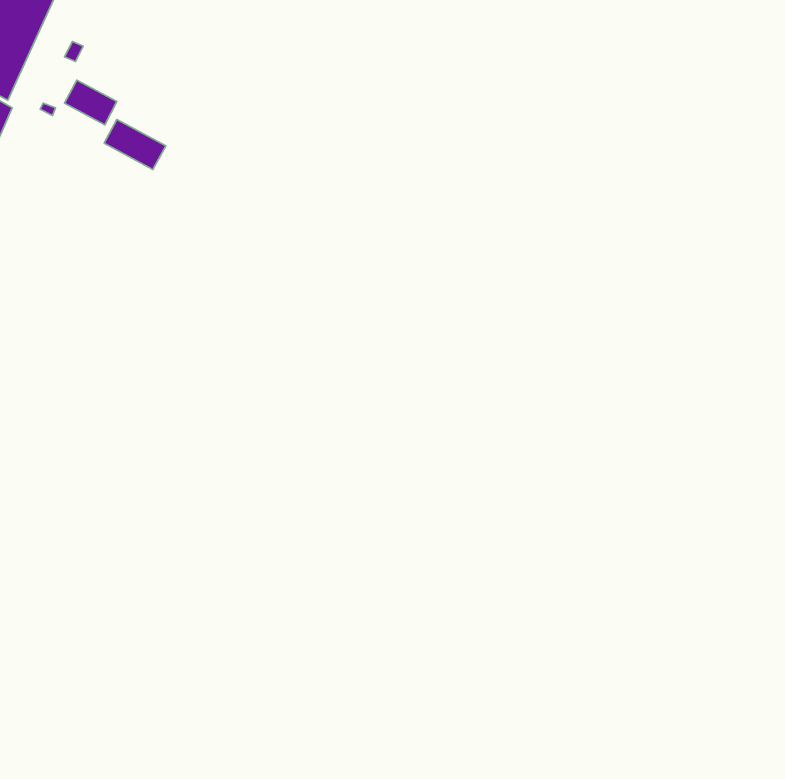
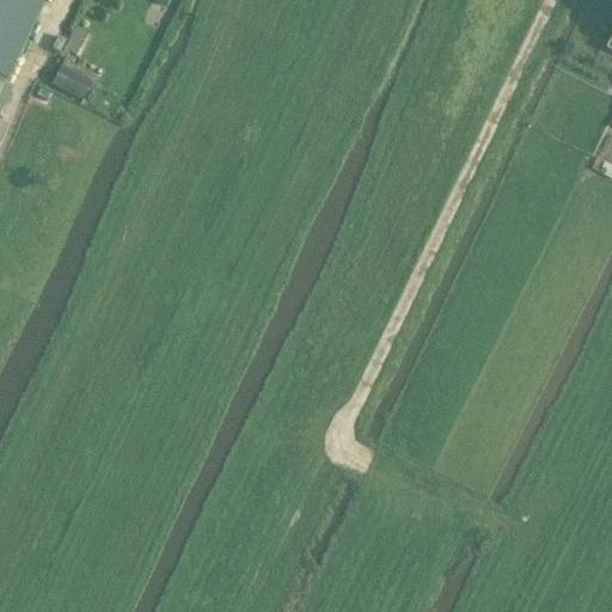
building: [104,120,166,169] -> none

